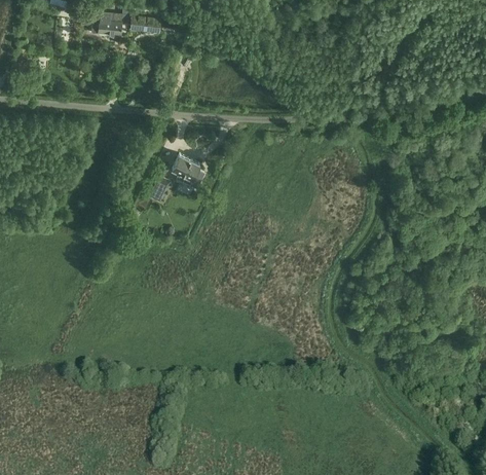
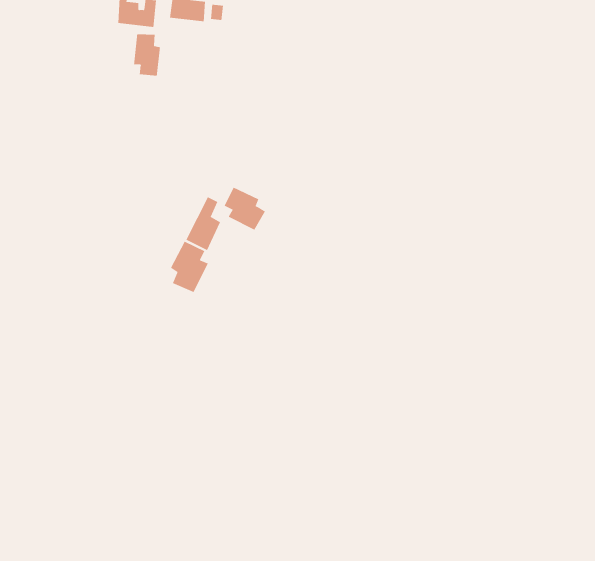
building: none -> [134,33,161,77]
building: none -> [170,241,209,293]

